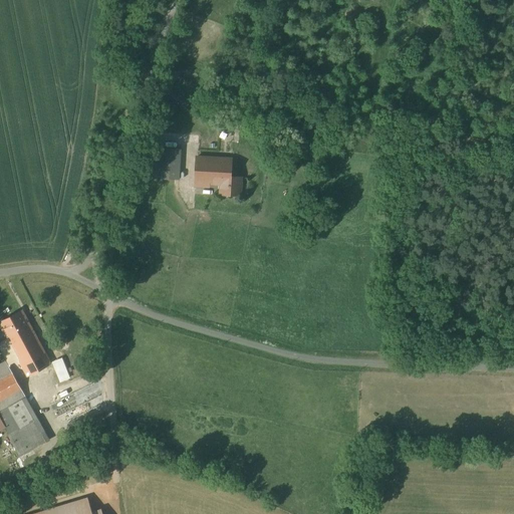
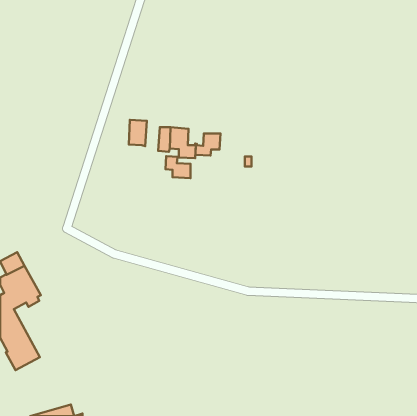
building: none -> [195,133,221,156]
building: none -> [166,156,191,178]

